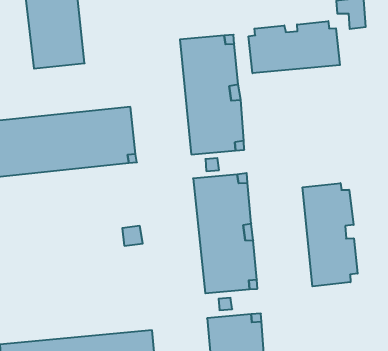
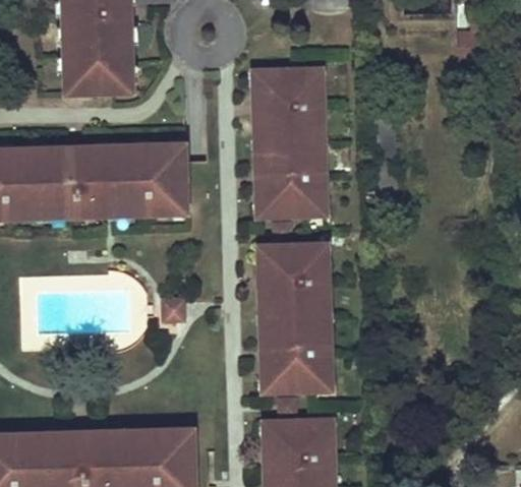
building: [249,21,340,73] -> none
building: [303,183,358,286] -> none

